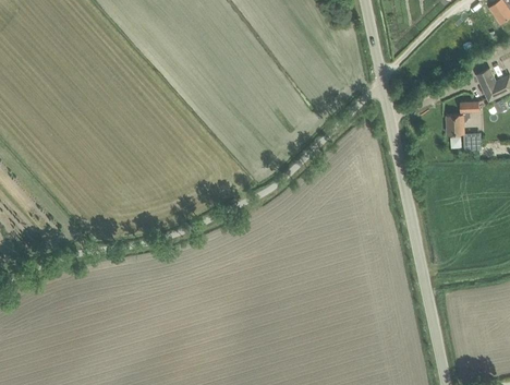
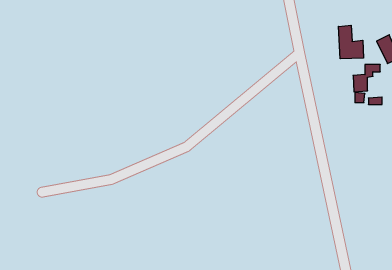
building: none -> [338,25,363,59]

